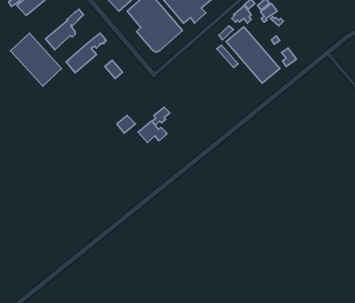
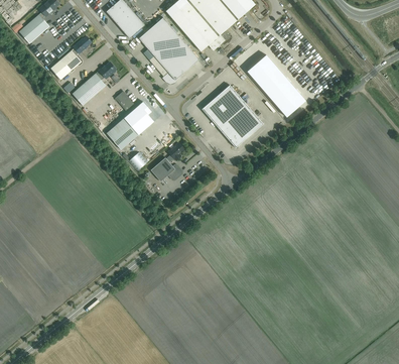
building: [11,33,62,86] -> none
building: none -> [202,85,263,147]
building: none -> [107,101,154,149]

